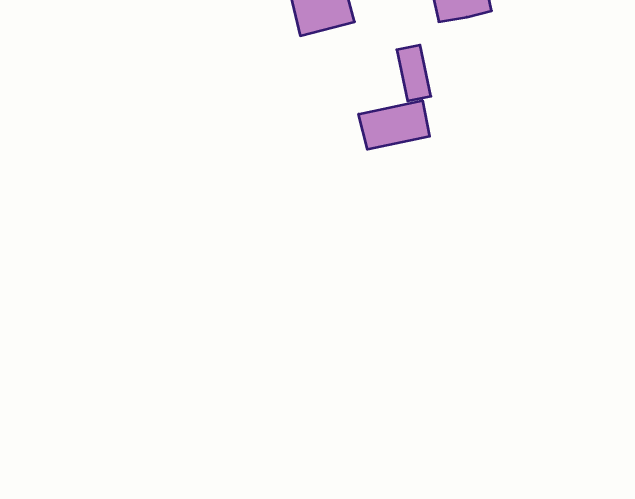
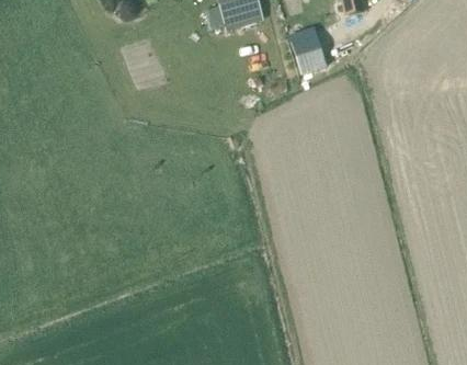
building: [359,101,430,149] -> none

